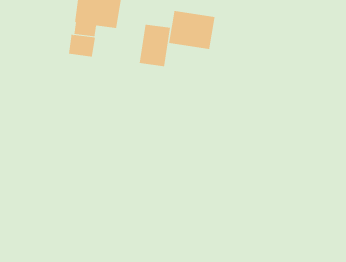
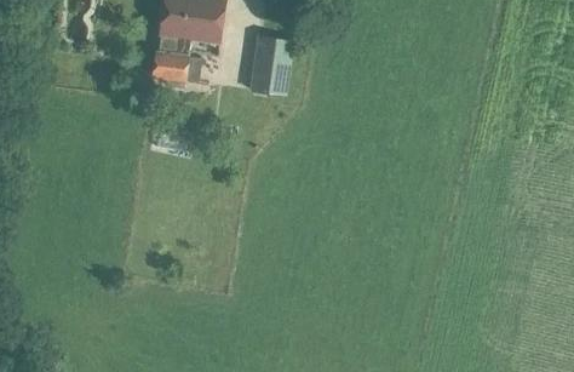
building: [168,10,215,50] -> none

